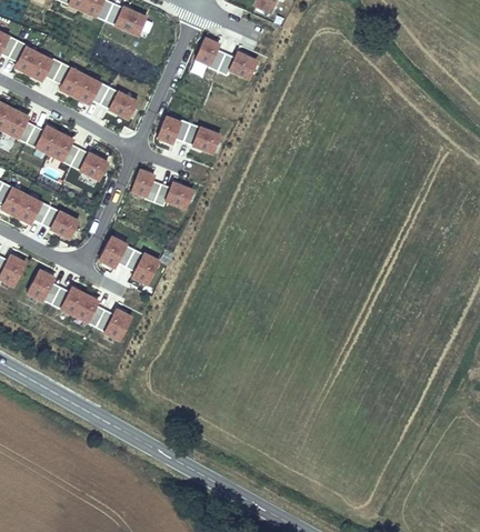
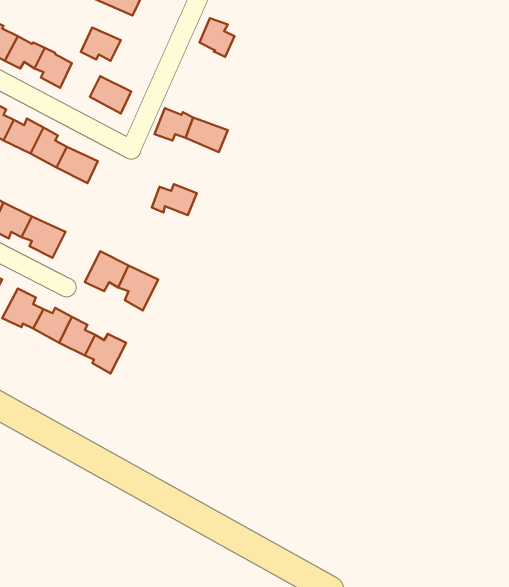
building: [218,50,257,78] -> none
building: [76,76,110,104] -> [81,27,121,61]
building: [131,167,161,200] -> none

